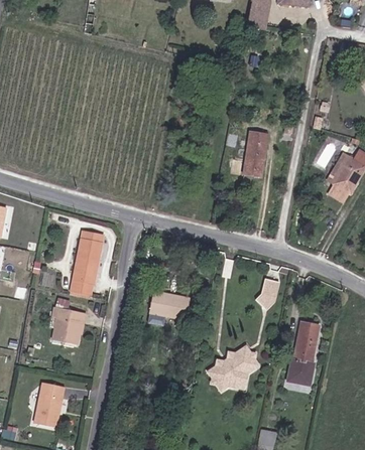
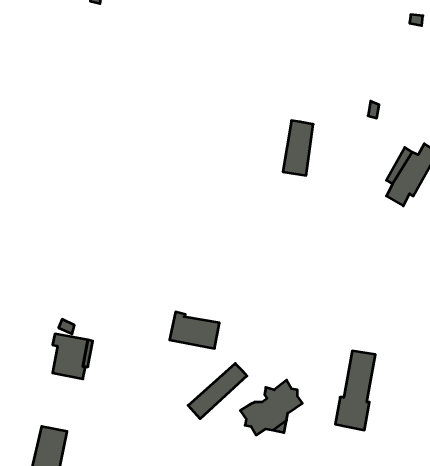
building: [70,231,103,295] -> none
building: [258,280,280,311] -> none
building: none -> [188,363,247,419]

